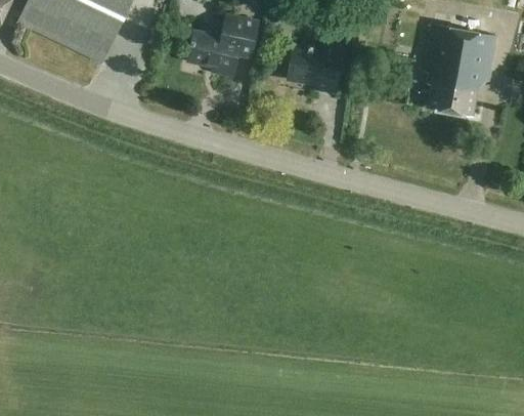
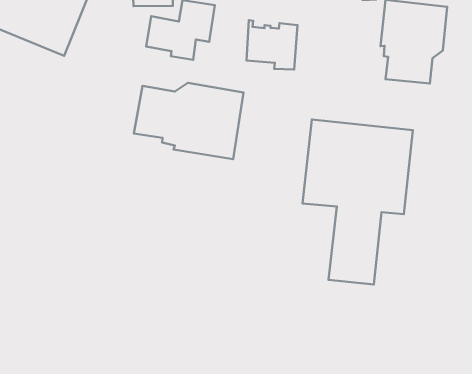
building: none -> [134,83,243,159]
building: none -> [303,119,413,285]

